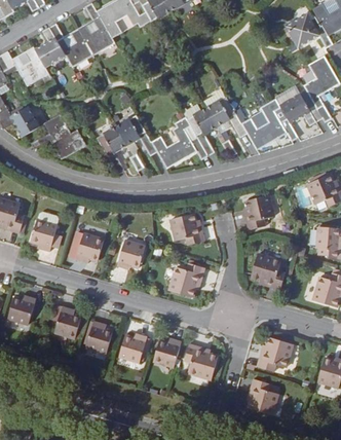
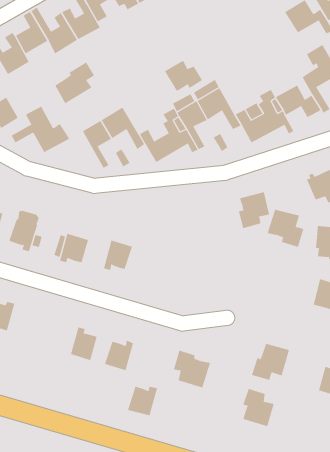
building: none -> [164,60,203,92]
building: none -> [55,61,95,104]
building: [169,212,204,243] -> none
building: [251,254,286,290] -> [267,209,304,248]
building: [170,262,206,297] -> none
building: [55,306,82,339] -> none
building: [153,338,182,366] -> [127,386,158,416]

